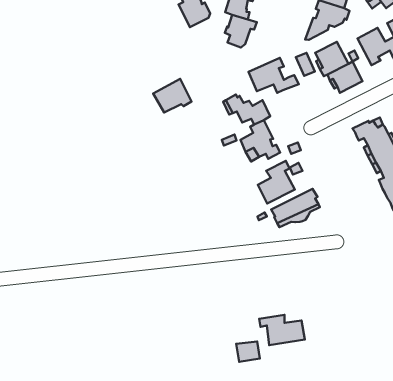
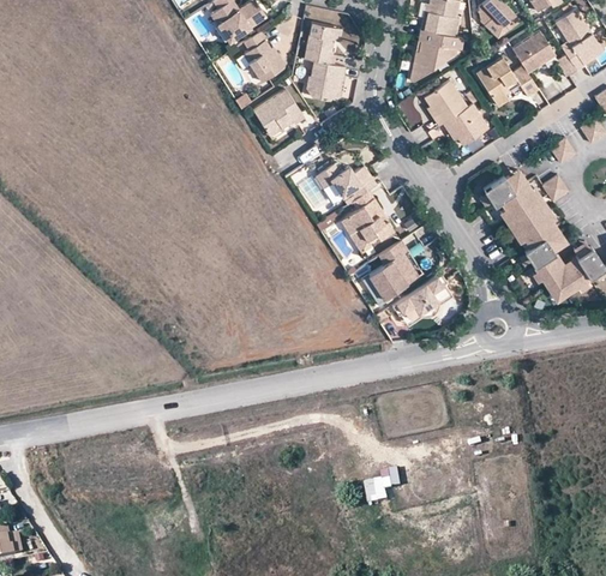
building: [249,58,299,93] -> none
building: [153,79,192,113] -> [252,89,302,134]
building: [259,315,305,345] -> none

